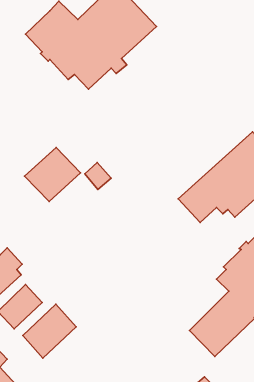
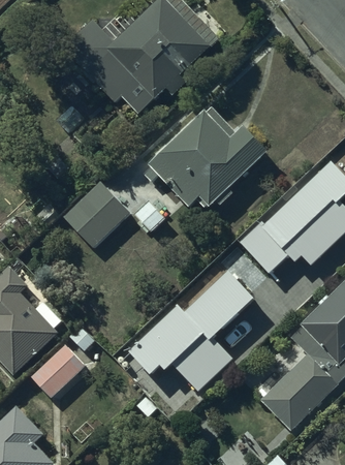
building: none -> [143,109,268,208]
building: none -> [130,267,264,395]
building: [23,304,76,358] -> none

